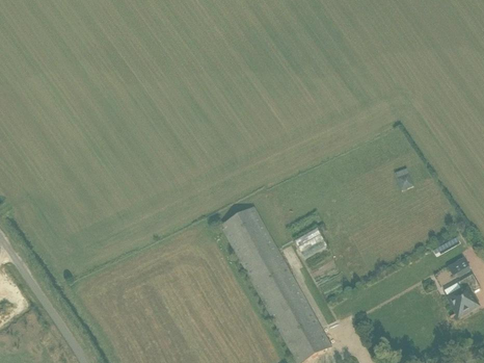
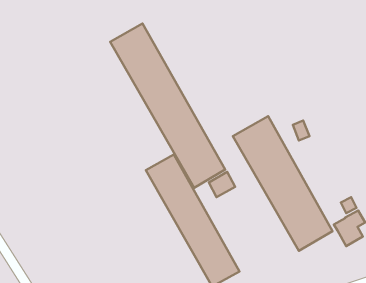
building: none -> [110,23,225,188]
building: none -> [233,116,333,251]

